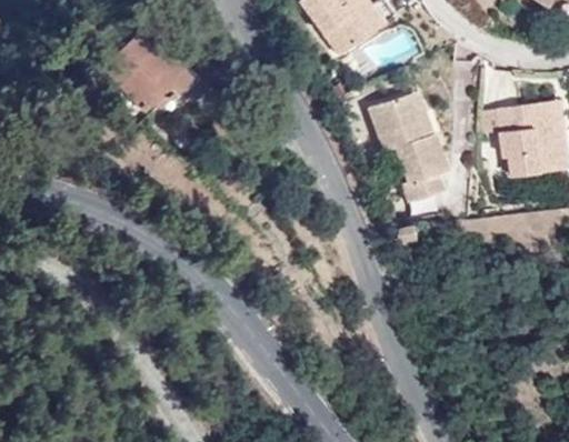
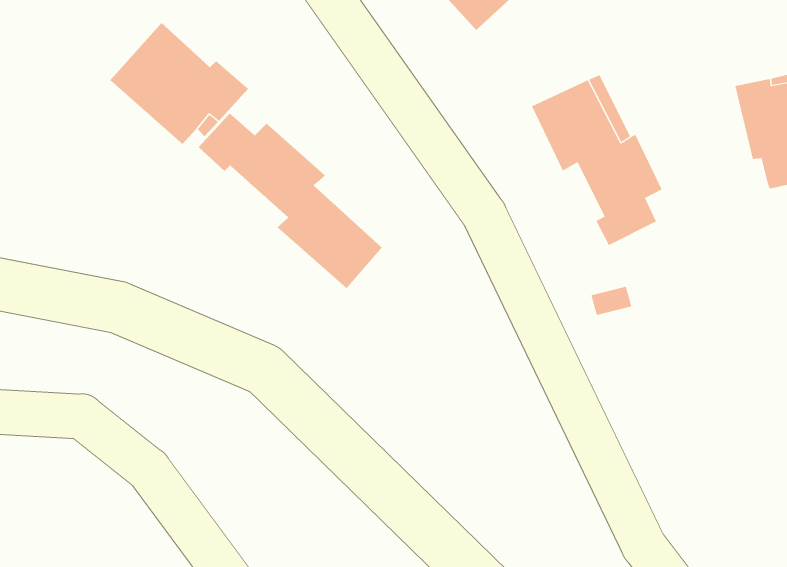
building: none -> [198,113,382,289]

